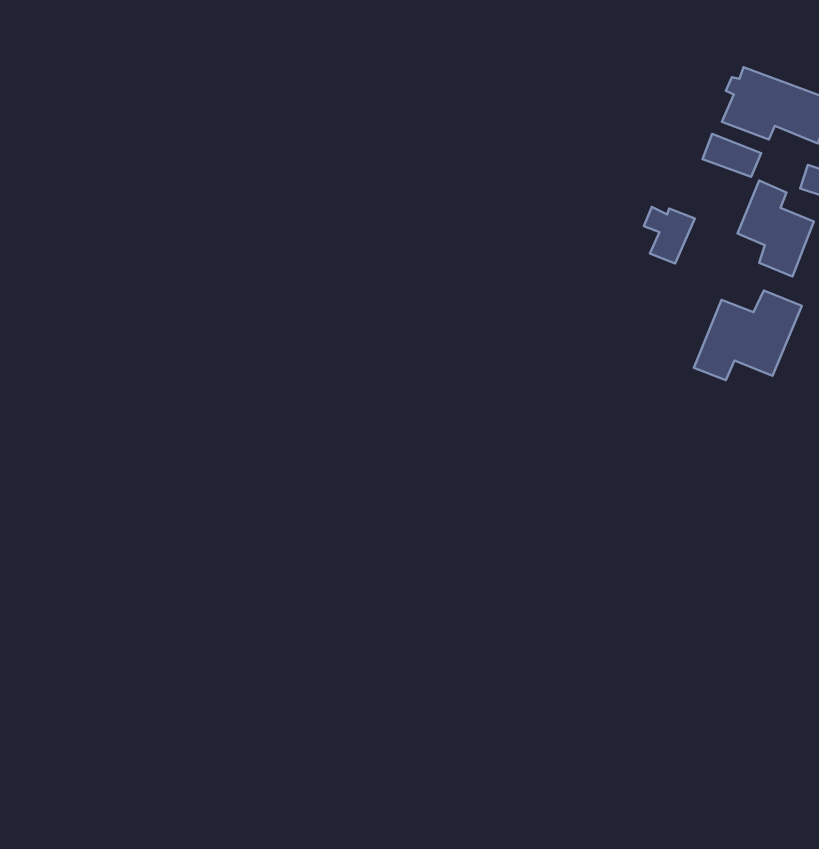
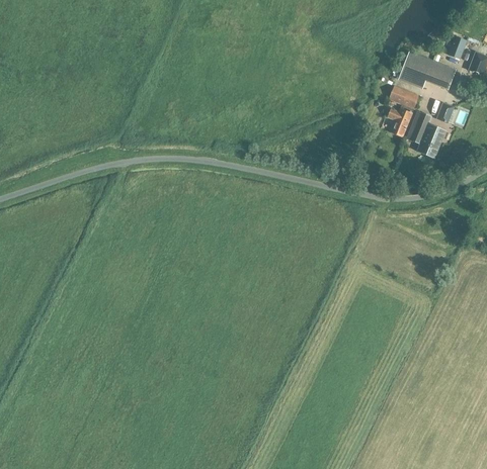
building: [644,207,695,263] -> [388,107,414,136]
building: [694,291,802,380] -> none

